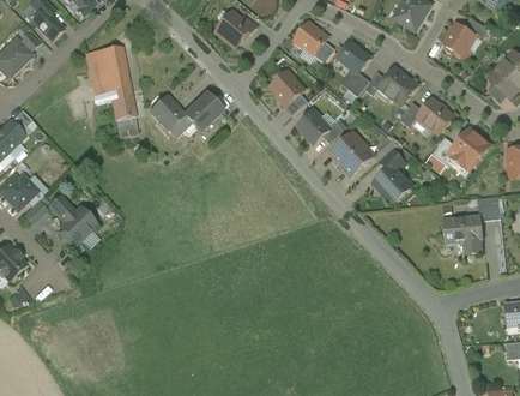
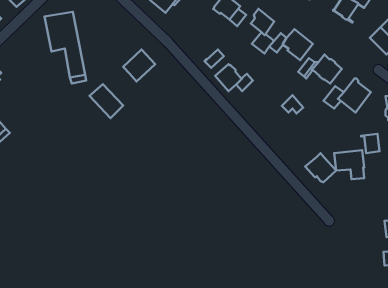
building: [268,72,303,104] -> none
building: [149,95,191,137] -> [89,84,123,118]
building: [331,132,373,175] -> none
building: [373,164,411,200] -> [305,153,336,182]
building: [48,194,96,242] -> none

